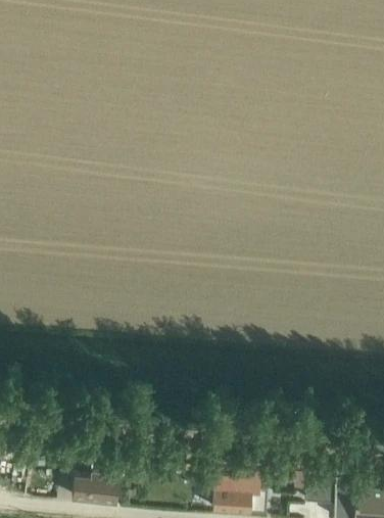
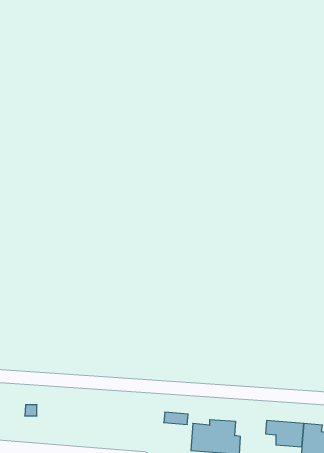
building: [70,466,124,507] -> none

